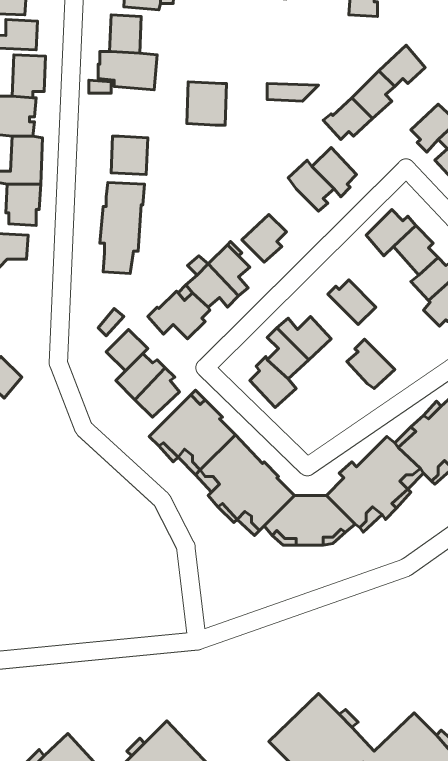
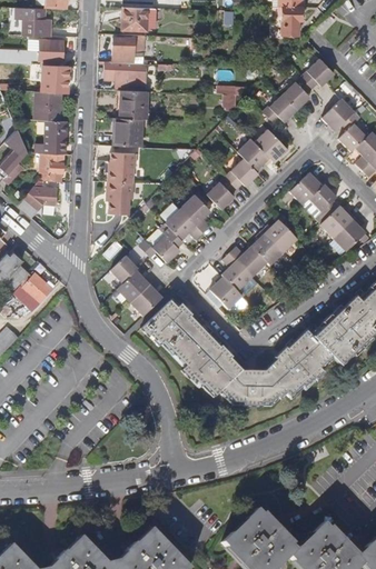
building: [187,82,227,125] -> [120,91,148,121]
building: none -> [225,157,259,187]
building: [347,339,395,389] -> [254,230,287,264]

